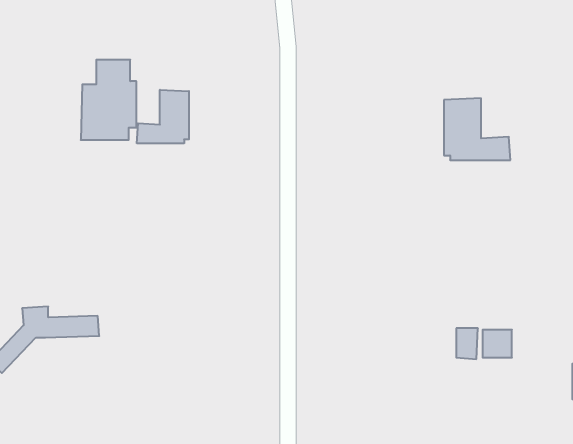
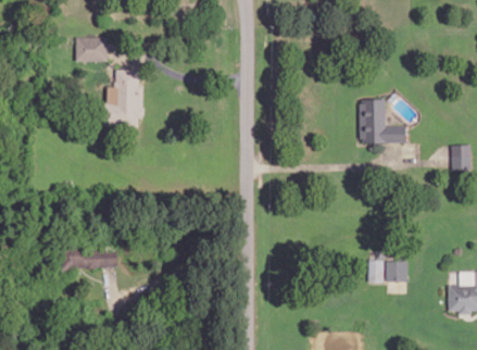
building: none -> [75,38,108,63]
building: [137,90,189,143] -> none

